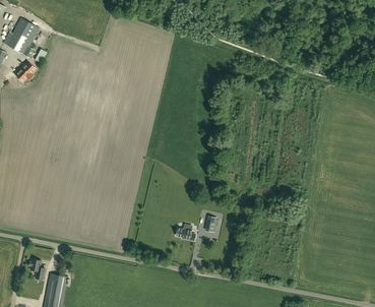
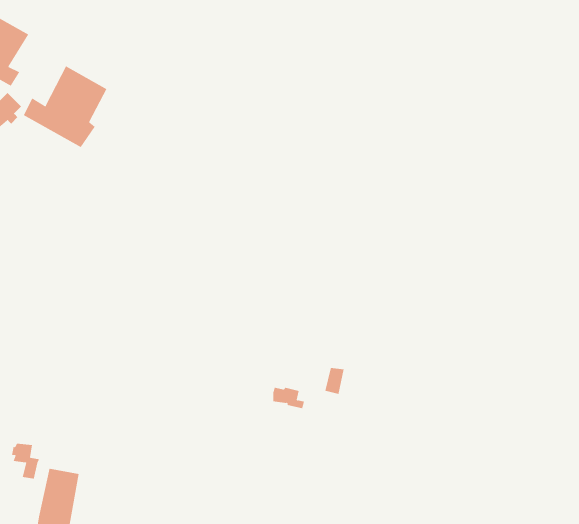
building: none -> [23,65,107,148]

